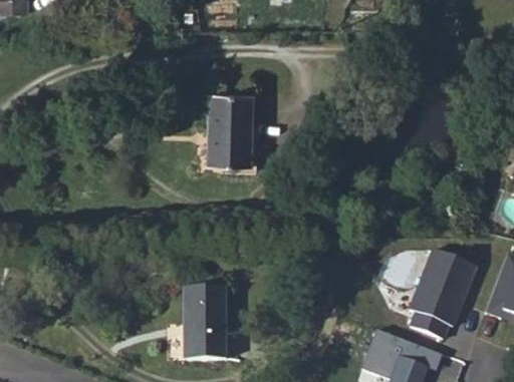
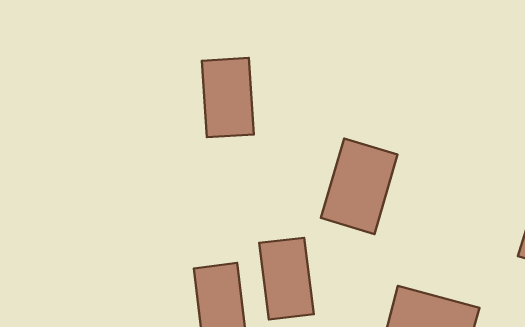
building: [412,237,488,327] -> [321,138,398,234]
building: none -> [259,238,314,319]

